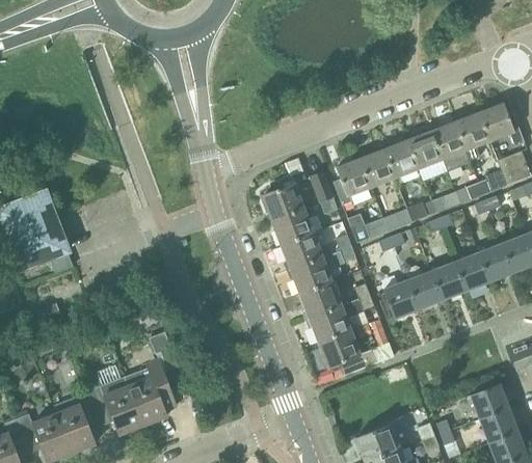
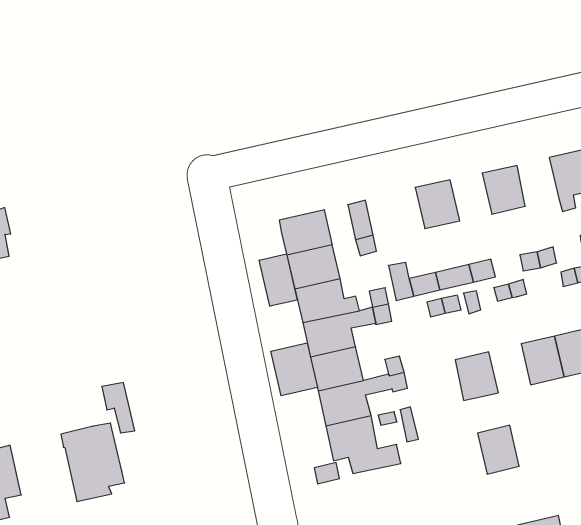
building: [431,121,470,171] -> none
building: [383,140,418,178] -> none
building: [334,158,370,206] -> none
building: none -> [259,254,297,306]
building: [430,262,464,300] -> [478,425,519,474]
building: [381,280,417,319] -> none
building: none -> [271,343,317,396]
building: [86,364,142,434] -> none

